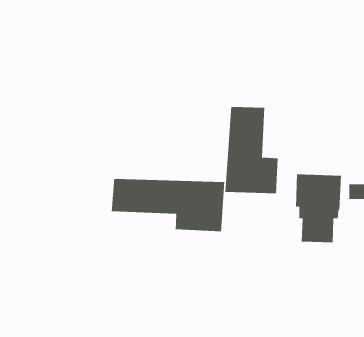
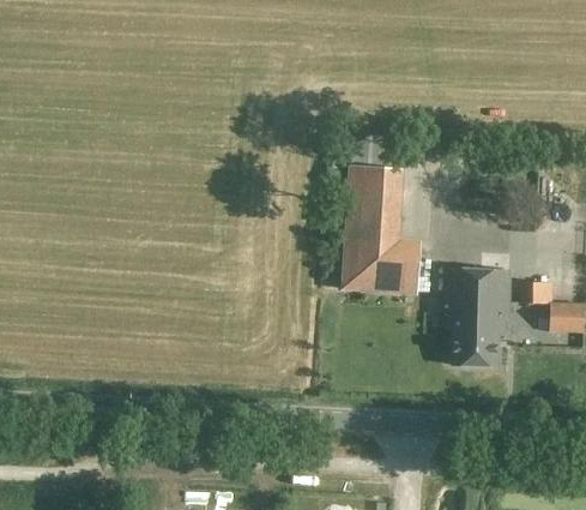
building: [111,178,225,232] -> none

